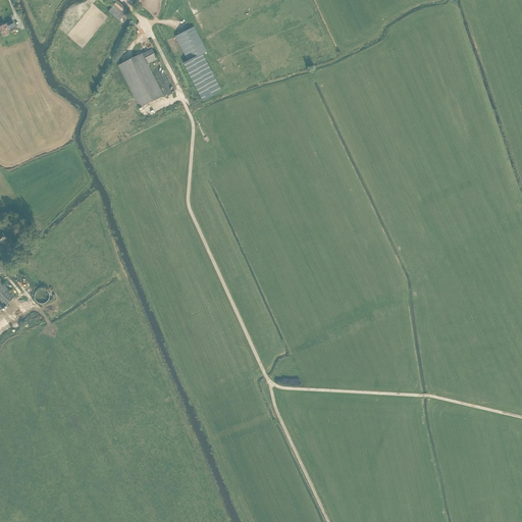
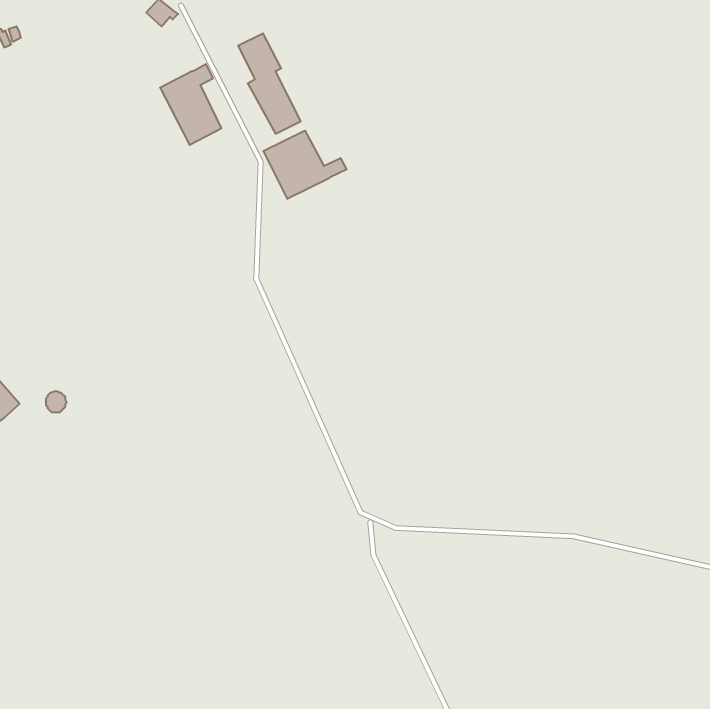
building: none -> [263,131,346,199]

